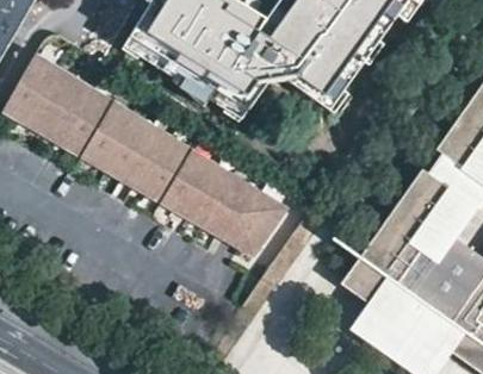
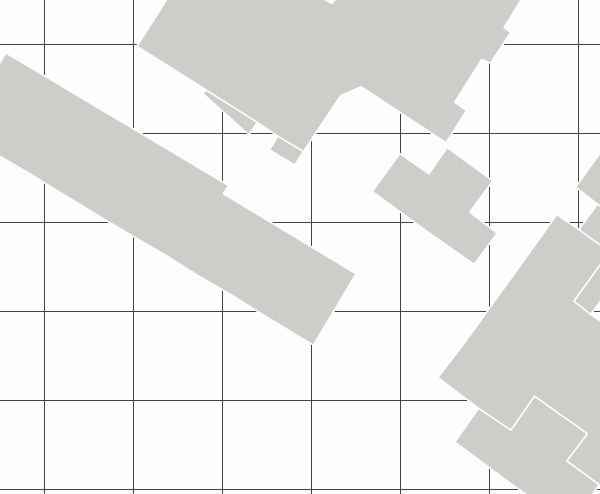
building: none -> [372,147,497,264]

